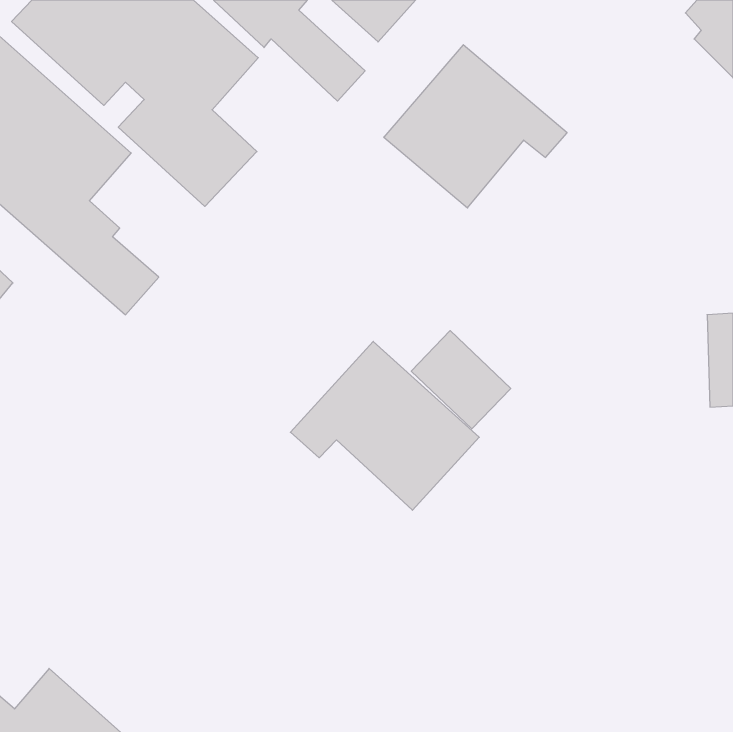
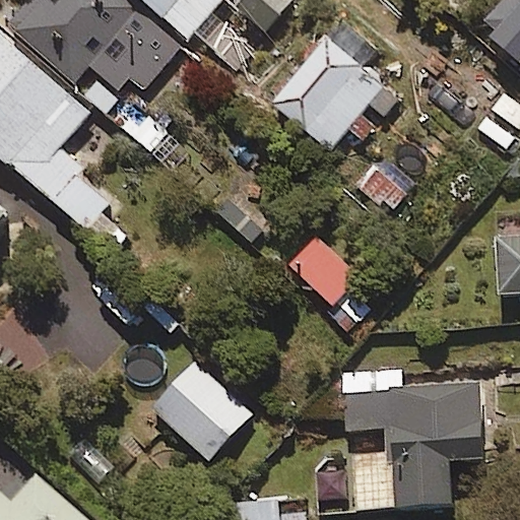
building: [290,341,479,510] -> none
building: none -> [150,361,249,458]
building: none -> [313,373,483,511]

